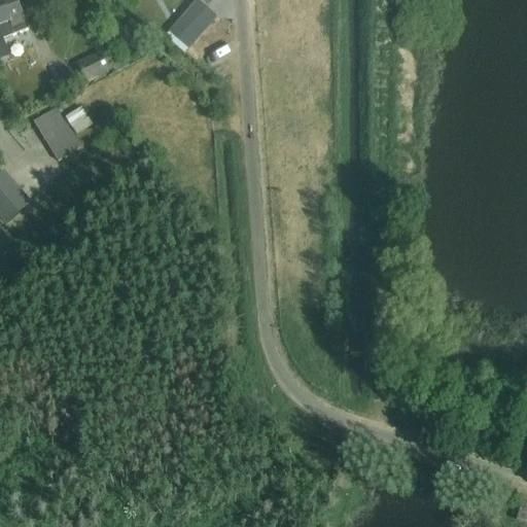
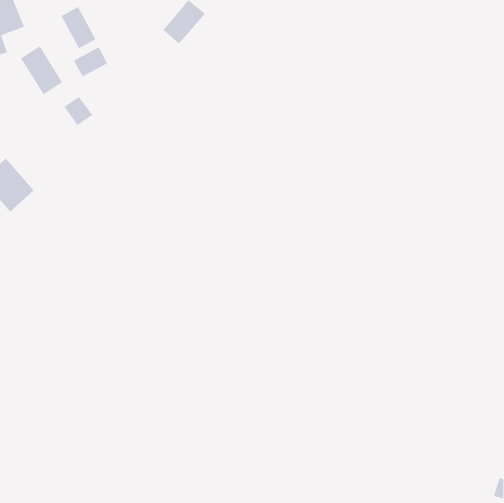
building: none -> [61,6,96,49]
building: [34,107,78,159] -> [20,46,63,95]

